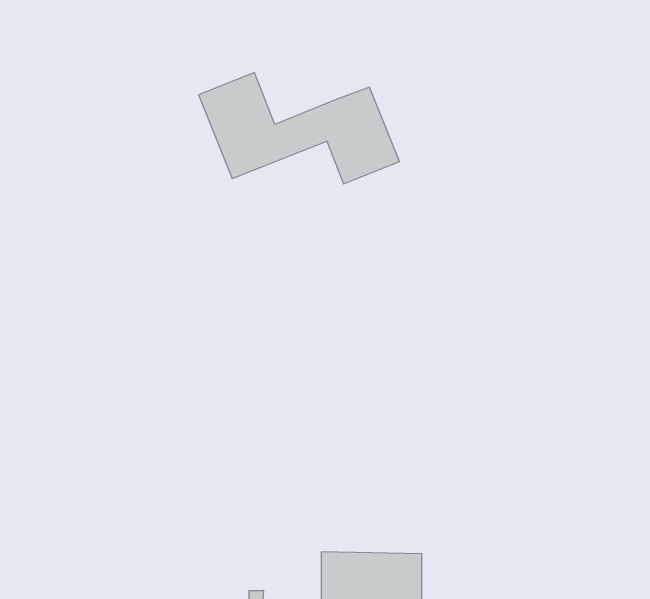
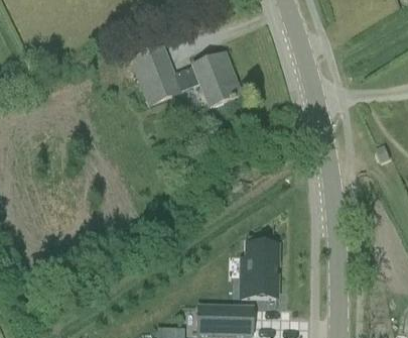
building: none -> [240,237,276,298]

